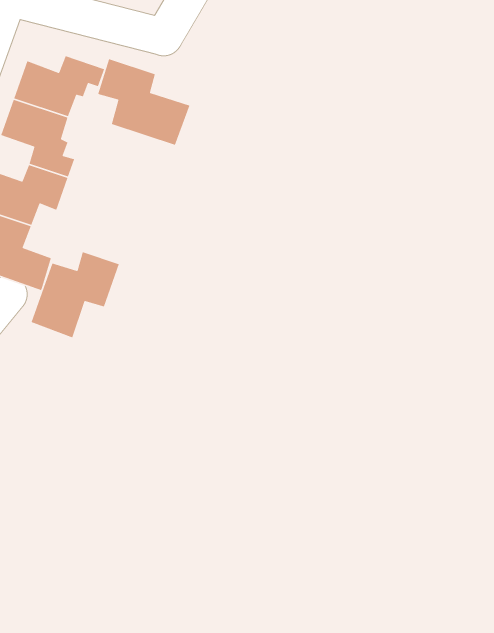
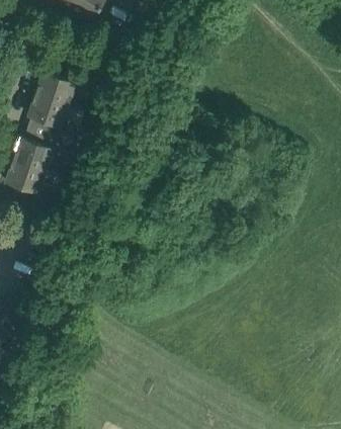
building: [97,58,190,146] -> none
building: [31,251,120,339] -> none

